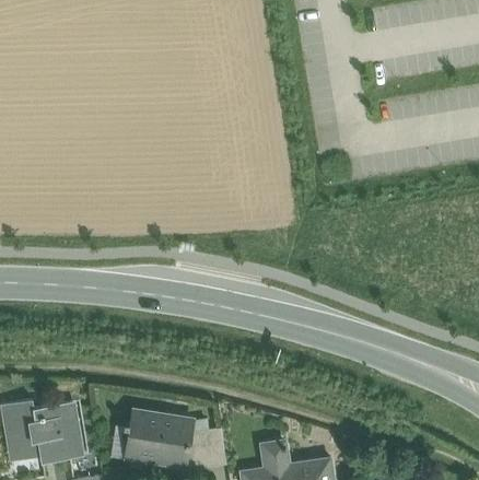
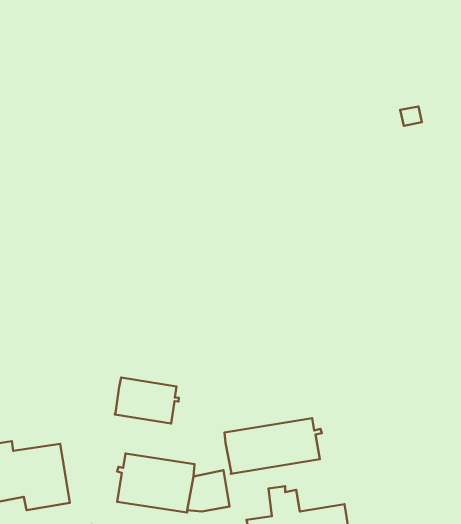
building: none -> [115,378,179,424]
building: none -> [225,418,322,474]

